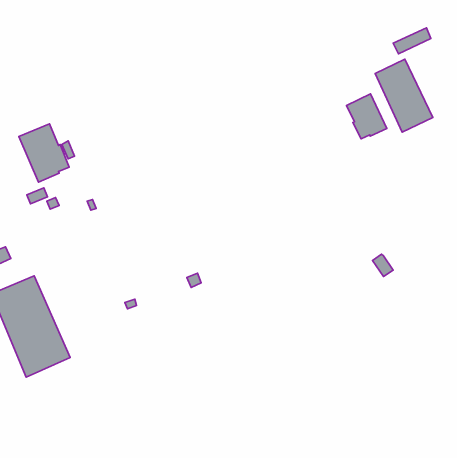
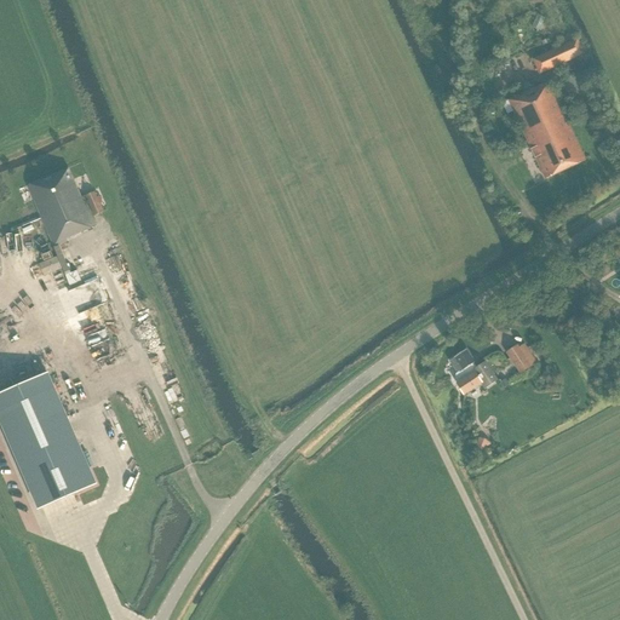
building: [346,94,387,139] -> none
building: none -> [447,348,495,392]

